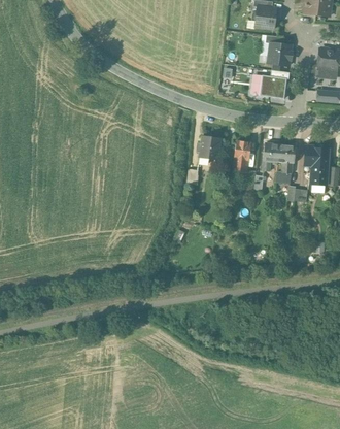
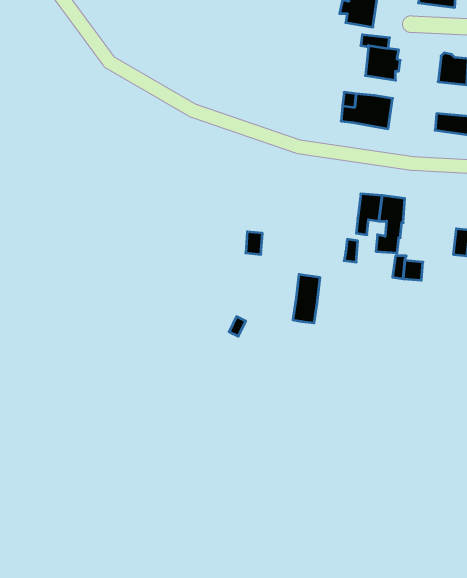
building: [198,136,220,160] -> none
building: [232,140,250,173] -> [293,274,320,323]
building: [304,146,329,193] -> none

